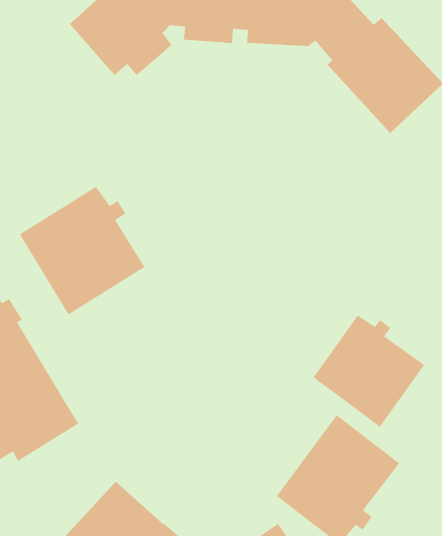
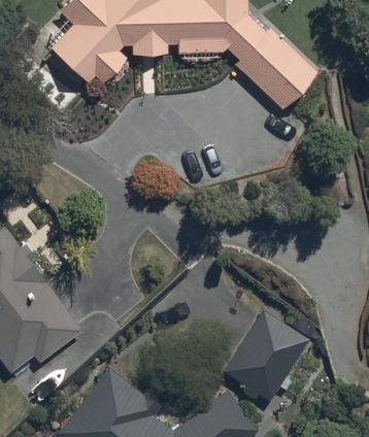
building: [19,186,145,315] -> none
building: [312,315,425,428] -> none

